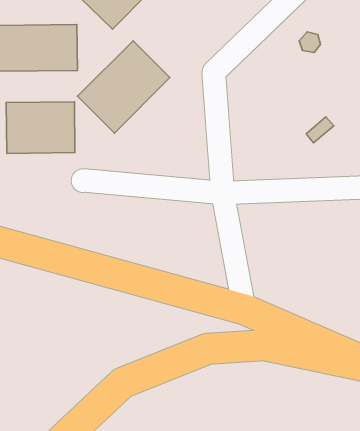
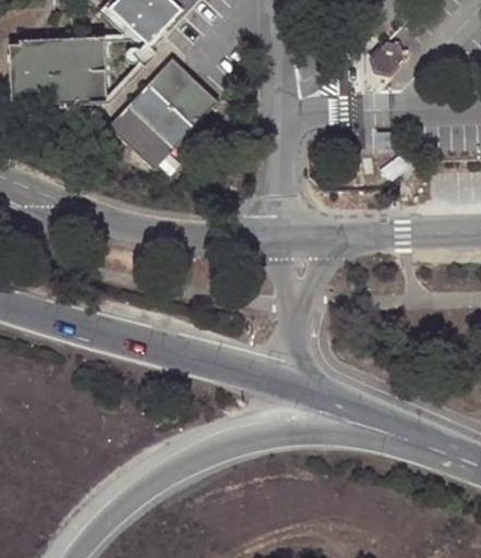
building: [6,102,75,153] -> none

